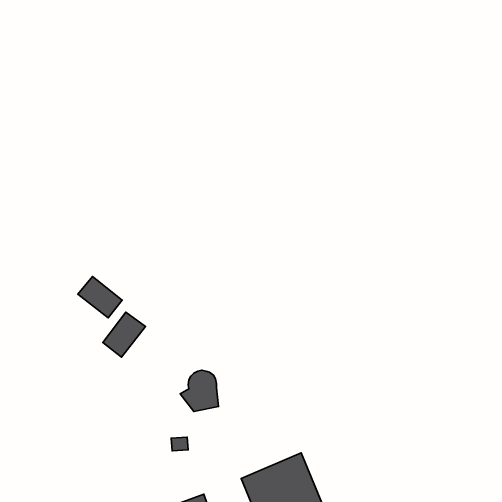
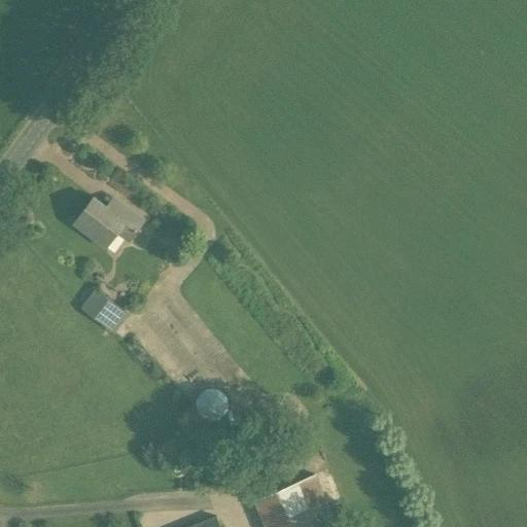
building: none -> [72,196,144,248]
building: [103,312,146,357] -> none

